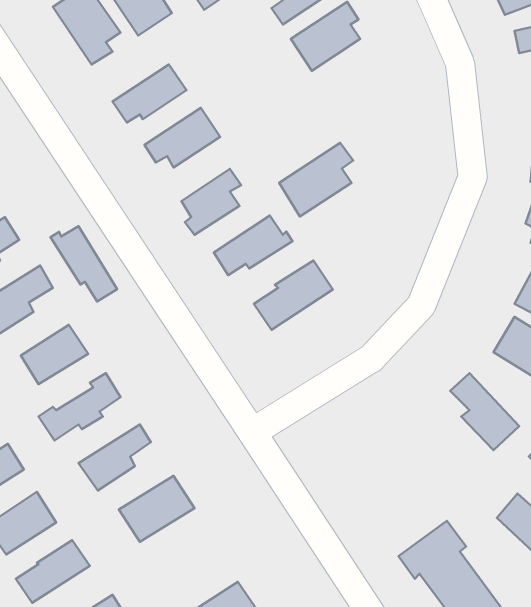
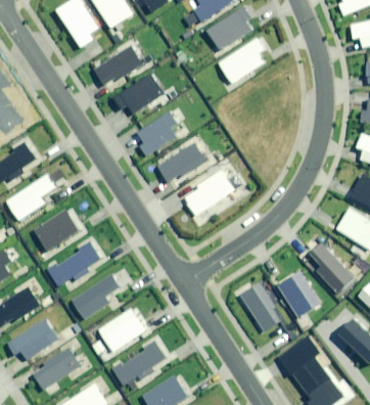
building: [279,143,353,217] -> [218,38,265,85]
building: [50,226,117,301] -> none
building: none -> [278,271,320,317]
building: none -> [241,283,281,331]
building: none -> [112,342,165,384]

